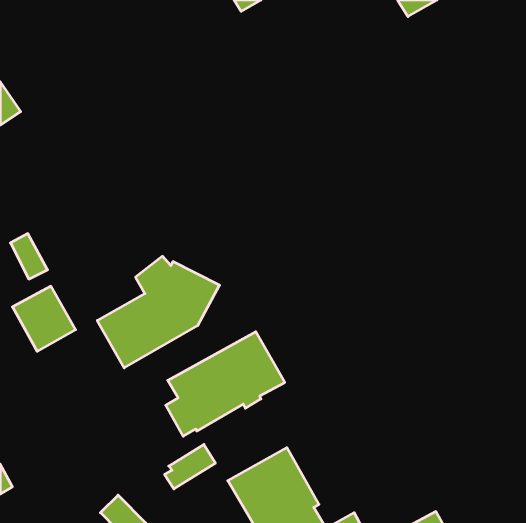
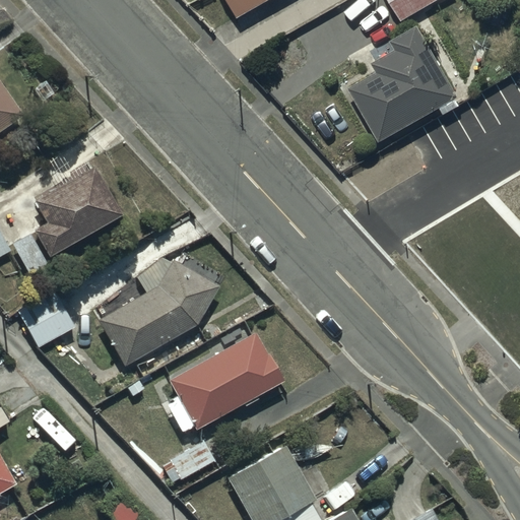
building: none -> [350,24,460,141]
building: none -> [34,166,122,257]

